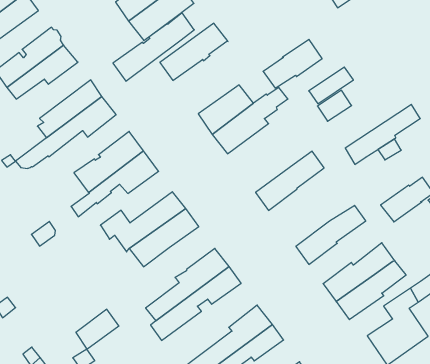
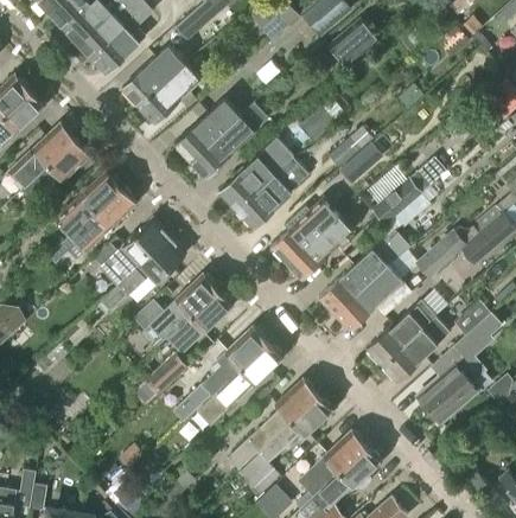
building: [113,13,194,81] -> [190,102,268,178]
building: none -> [270,213,323,264]
building: none -> [319,249,389,314]
building: [76,309,119,349] -> [146,351,189,394]

